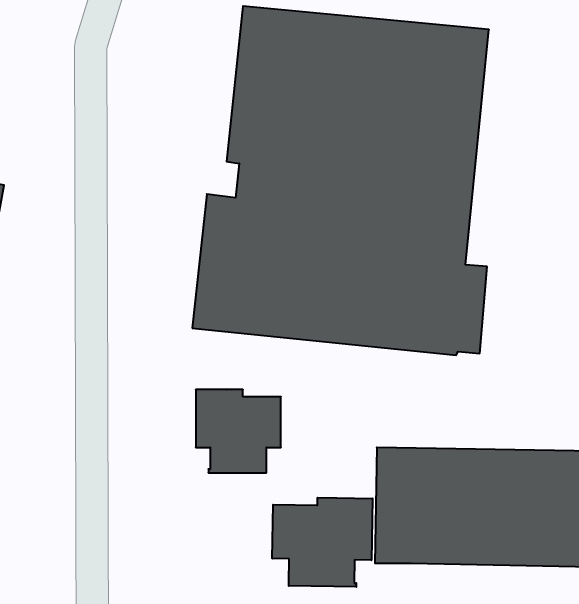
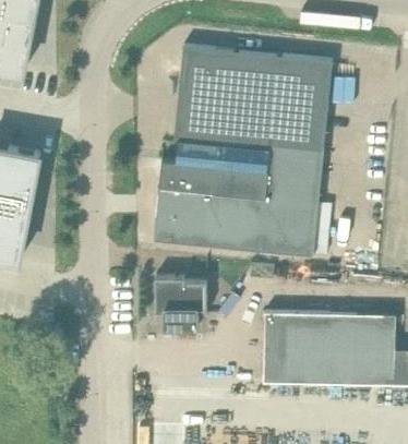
building: [272,498,373,587] -> none

